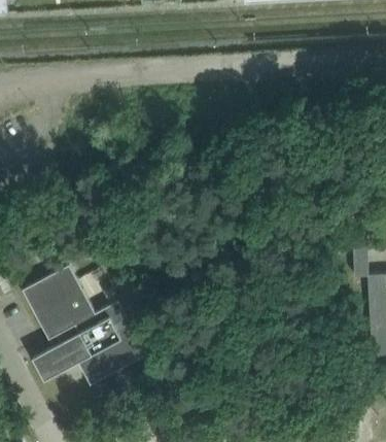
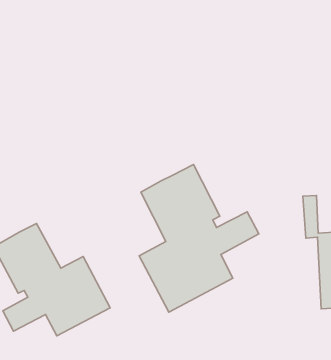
building: none -> [139,165,259,312]

